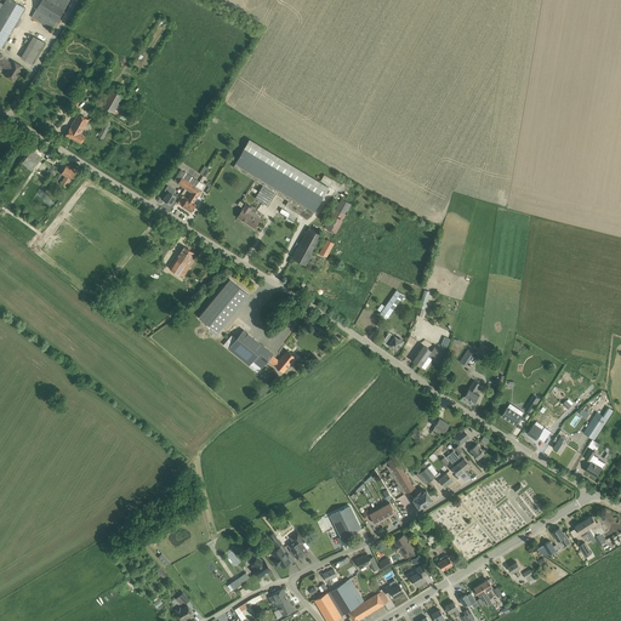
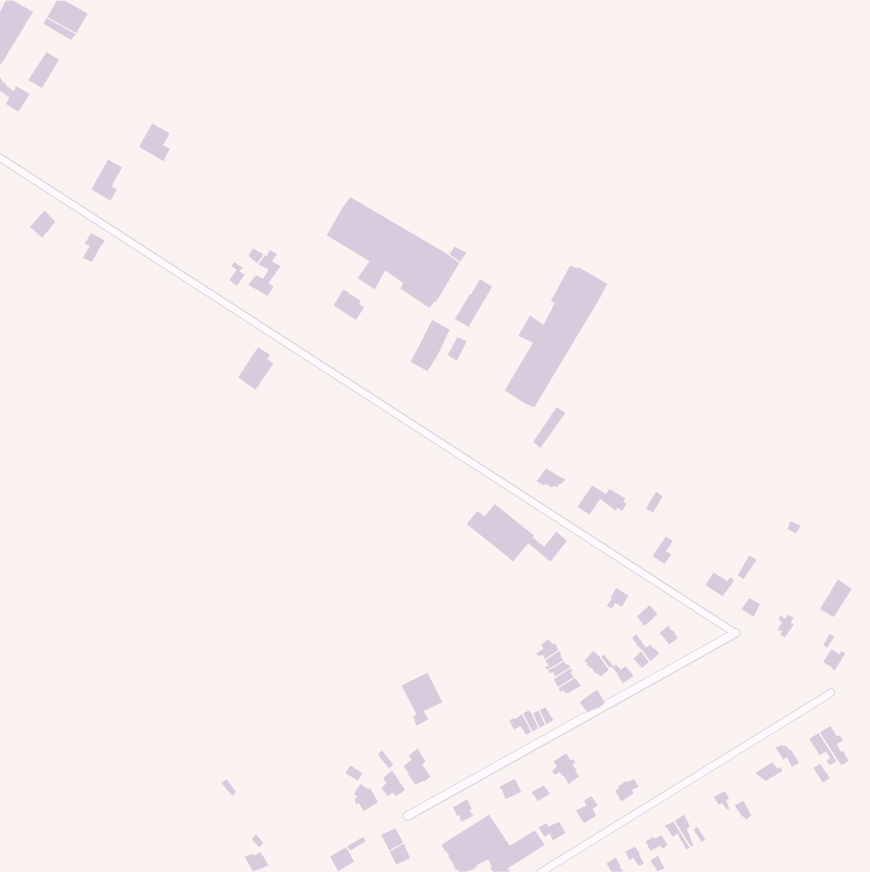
building: none -> [504,265,608,408]
building: [198,279,247,331] -> none
building: [222,330,295,372] -> [465,503,568,563]
building: [329,506,359,545] -> [401,672,443,726]

